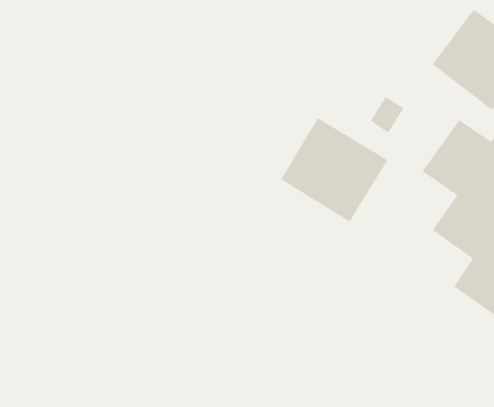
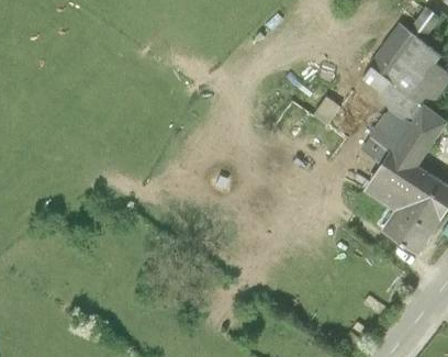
building: [280,117,388,222] -> none

